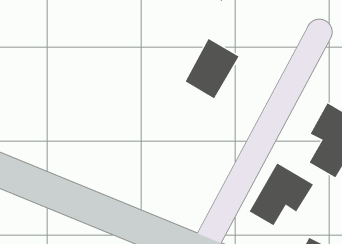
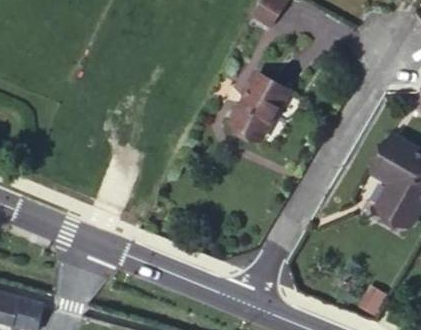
building: [249,163,314,226] -> none

